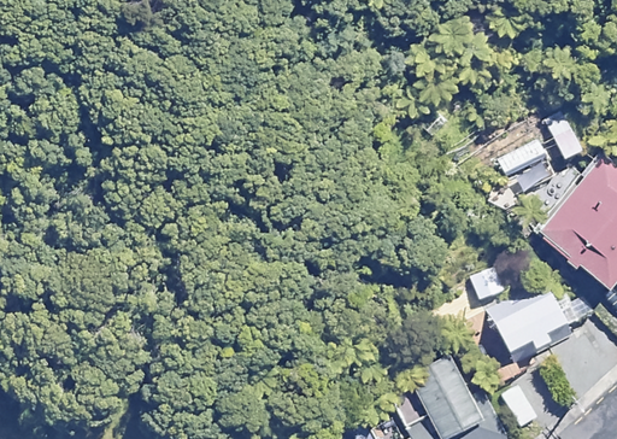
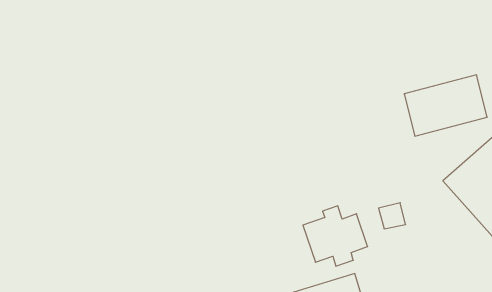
building: [487,285,565,355] -> [303,206,368,266]

